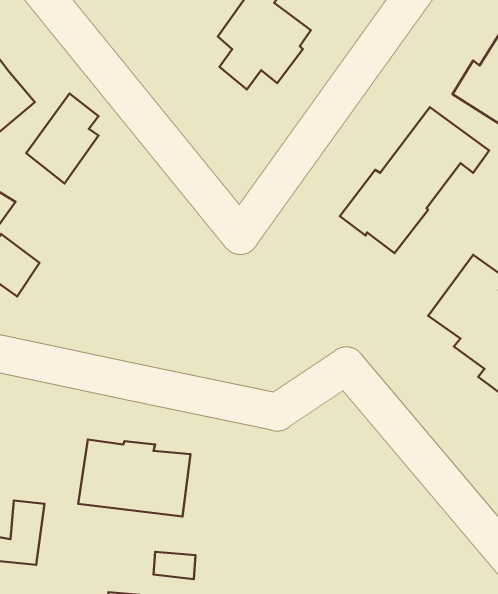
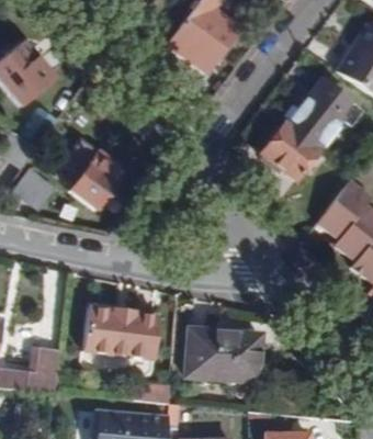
building: [26,94,98,184] -> [71,148,121,210]
building: none -> [185,326,262,381]

